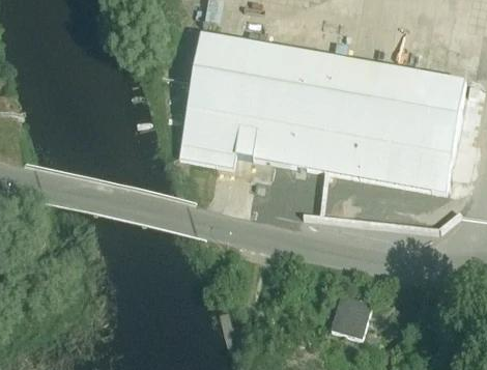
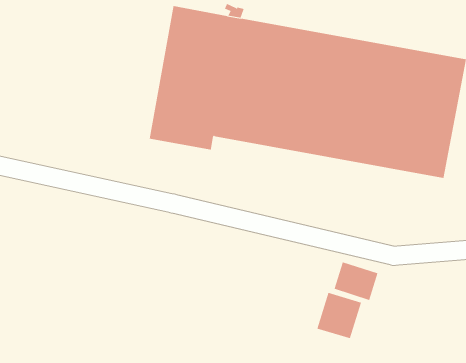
building: none -> [334,261,378,301]

